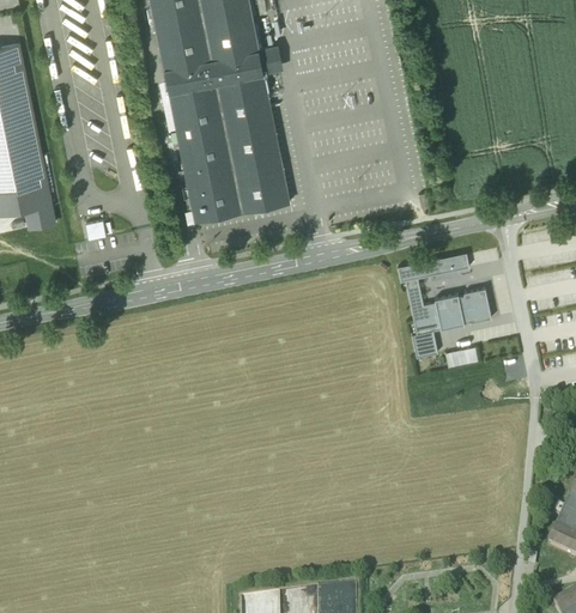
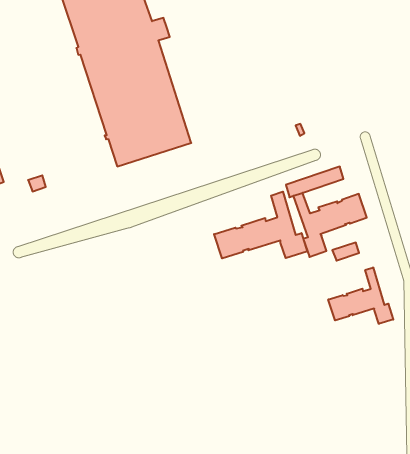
building: none -> [214,192,307,258]
building: none -> [328,267,393,324]

